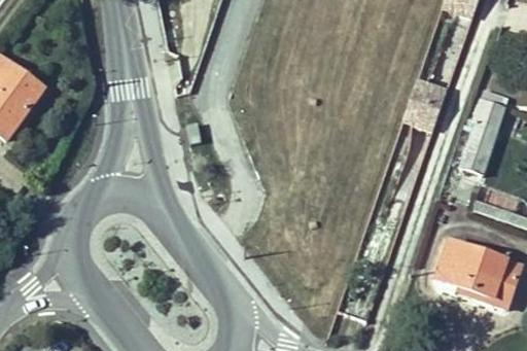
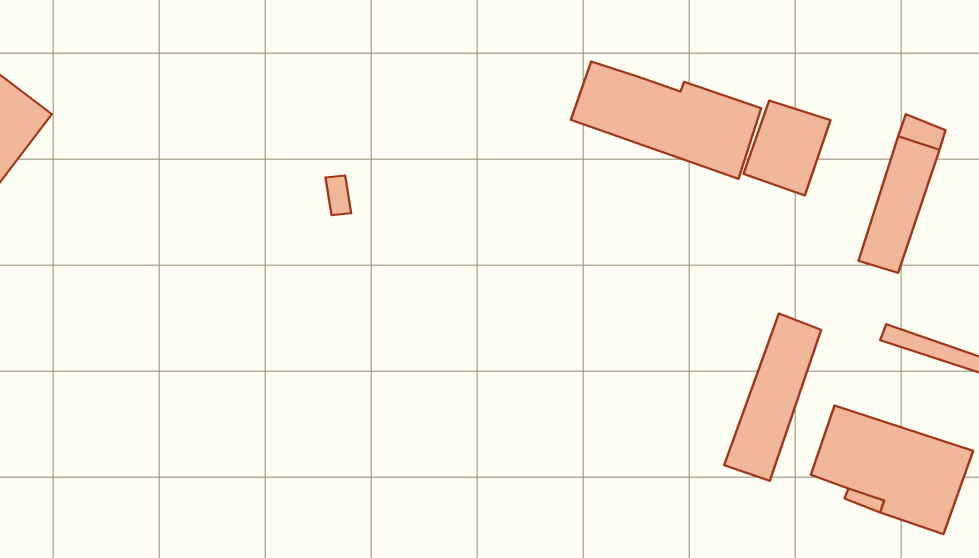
building: none -> [571,61,761,179]
building: none -> [724,313,821,481]

